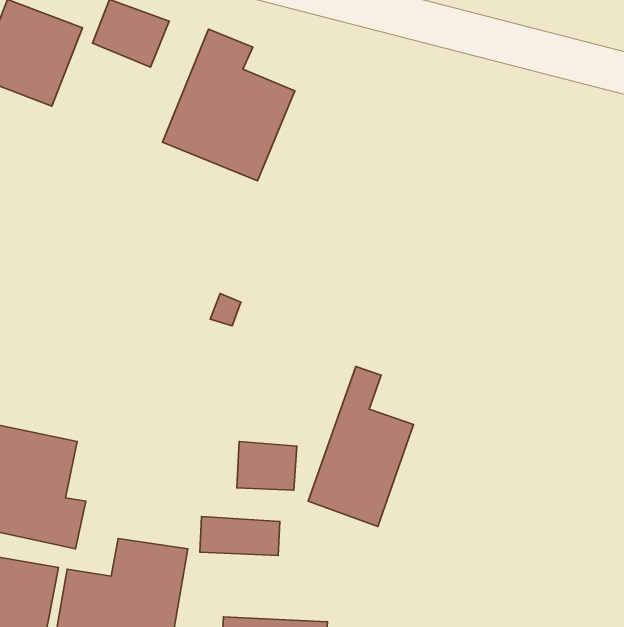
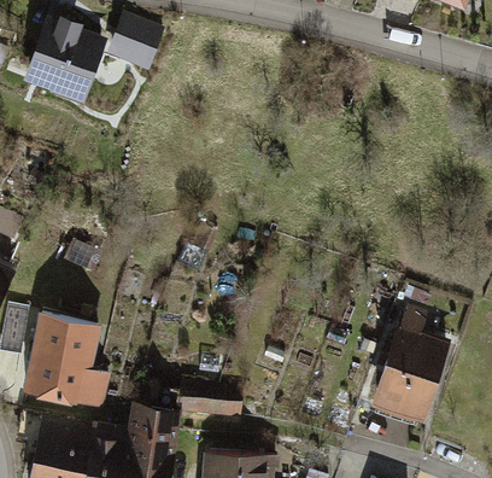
building: [162,29,295,181] -> none
building: [308,367,414,527] -> [373,302,447,415]
building: [237,442,297,490] -> none

